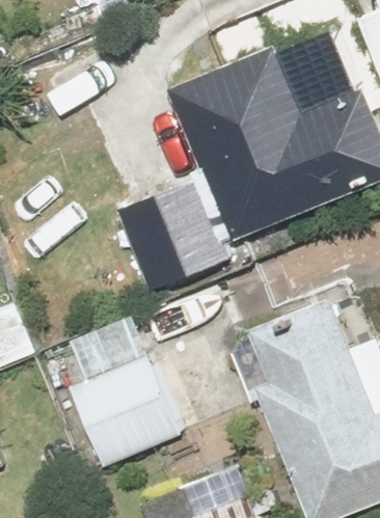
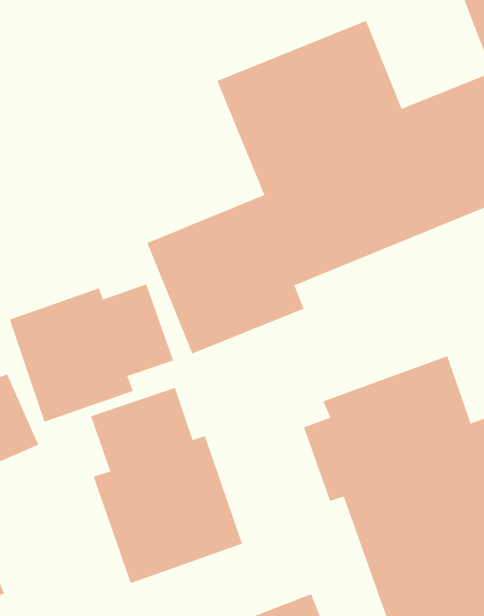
building: none -> [9,284,174,422]

